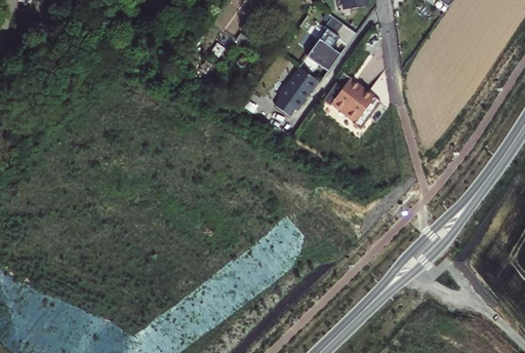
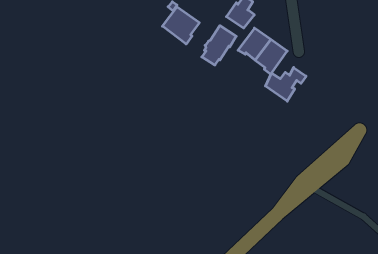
building: none -> [162,7,199,44]
building: none -> [265,67,306,101]

